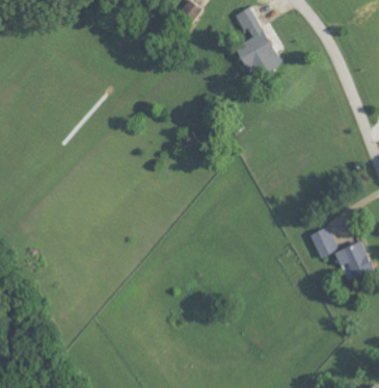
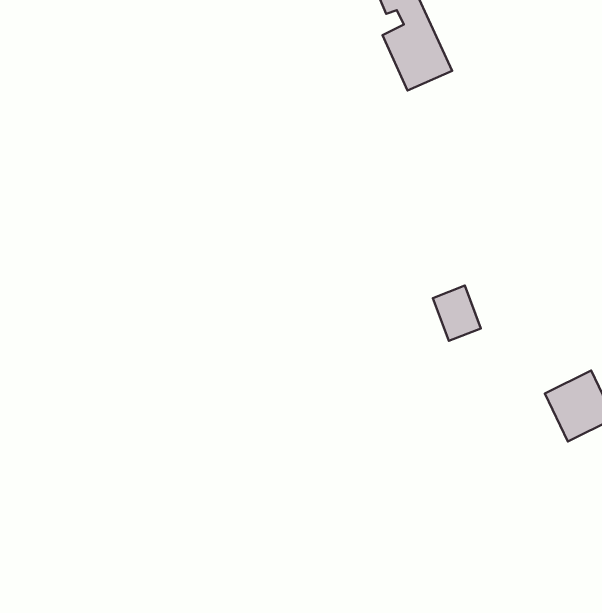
building: [308,226,336,258] -> [433,286,481,341]

